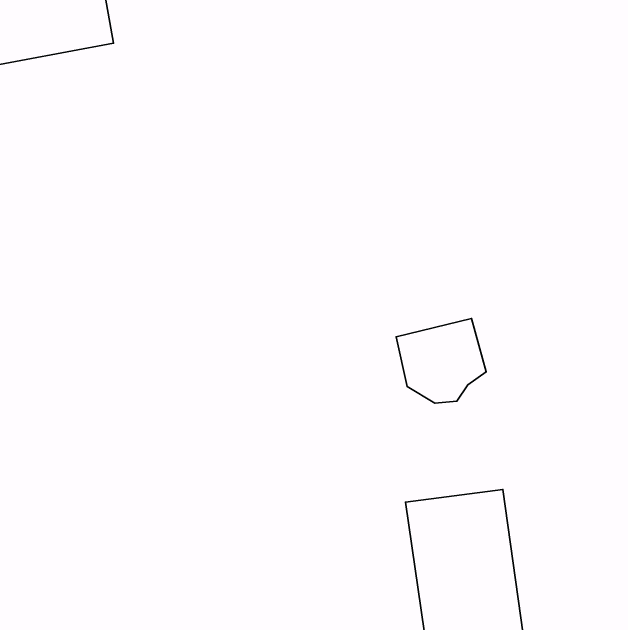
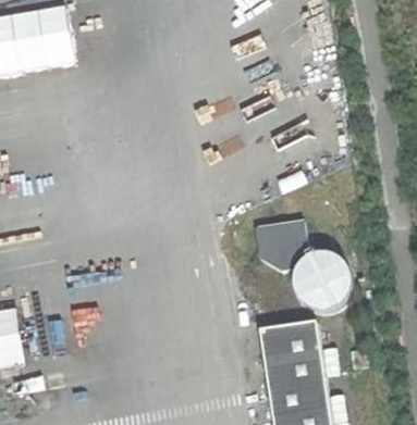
building: none -> [287,251,349,313]

